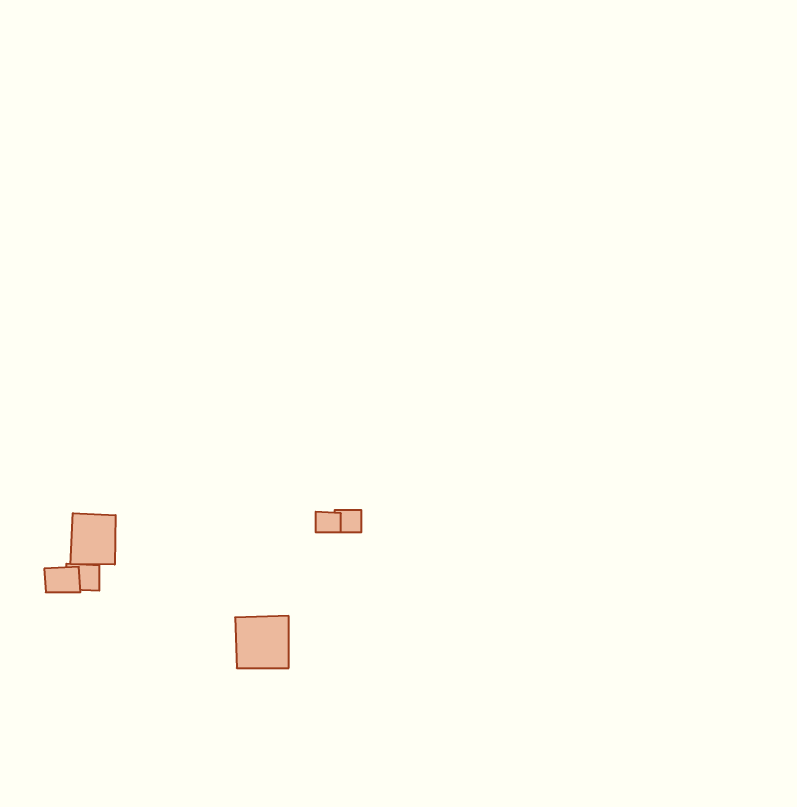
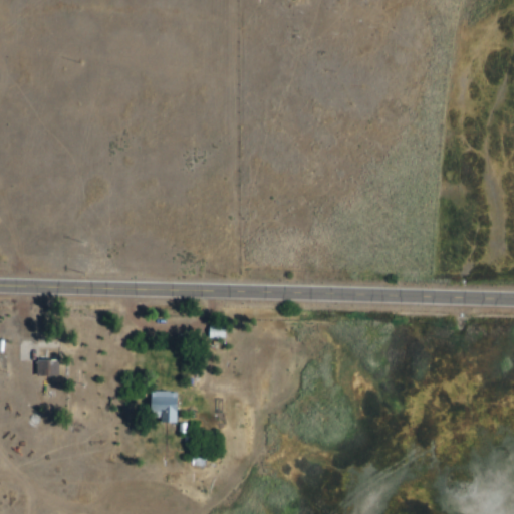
building: [71,513,116,565] -> none

